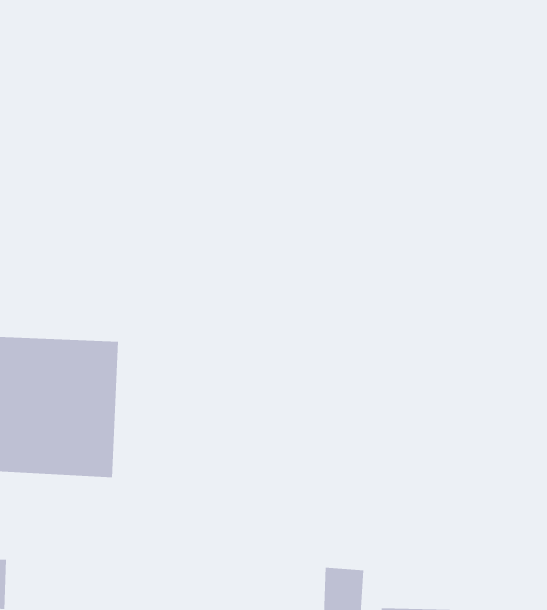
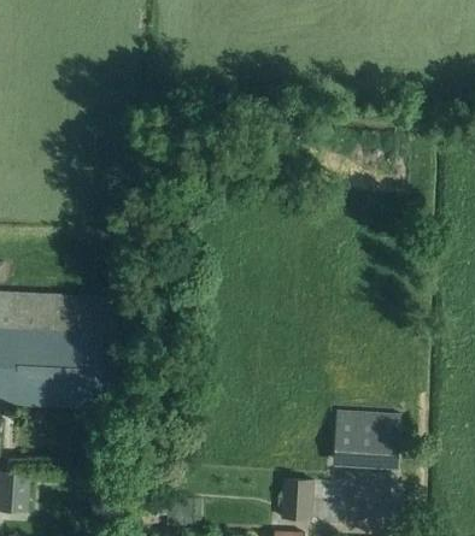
building: none -> [342,406,409,463]

